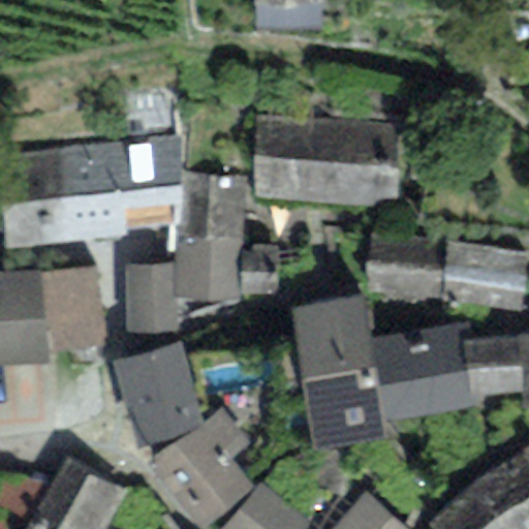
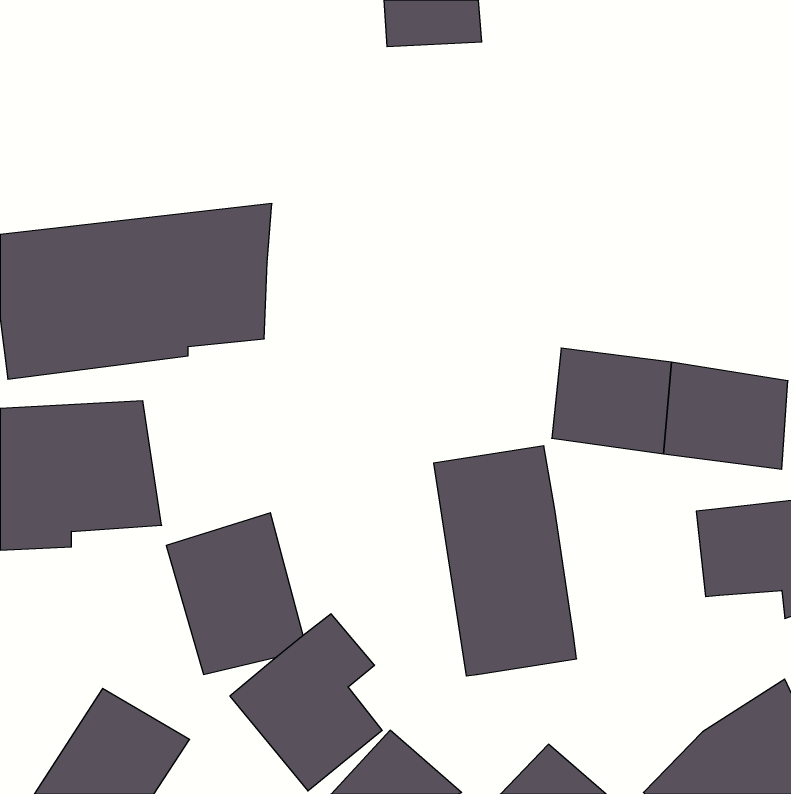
building: [253,116,401,206] -> none
building: [127,175,243,334] -> none
building: [371,321,480,423] -> none

